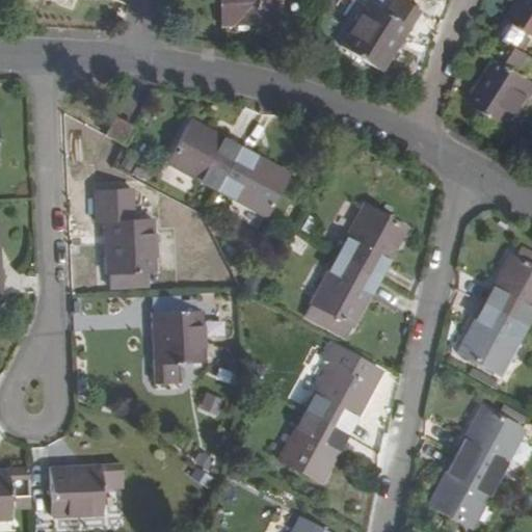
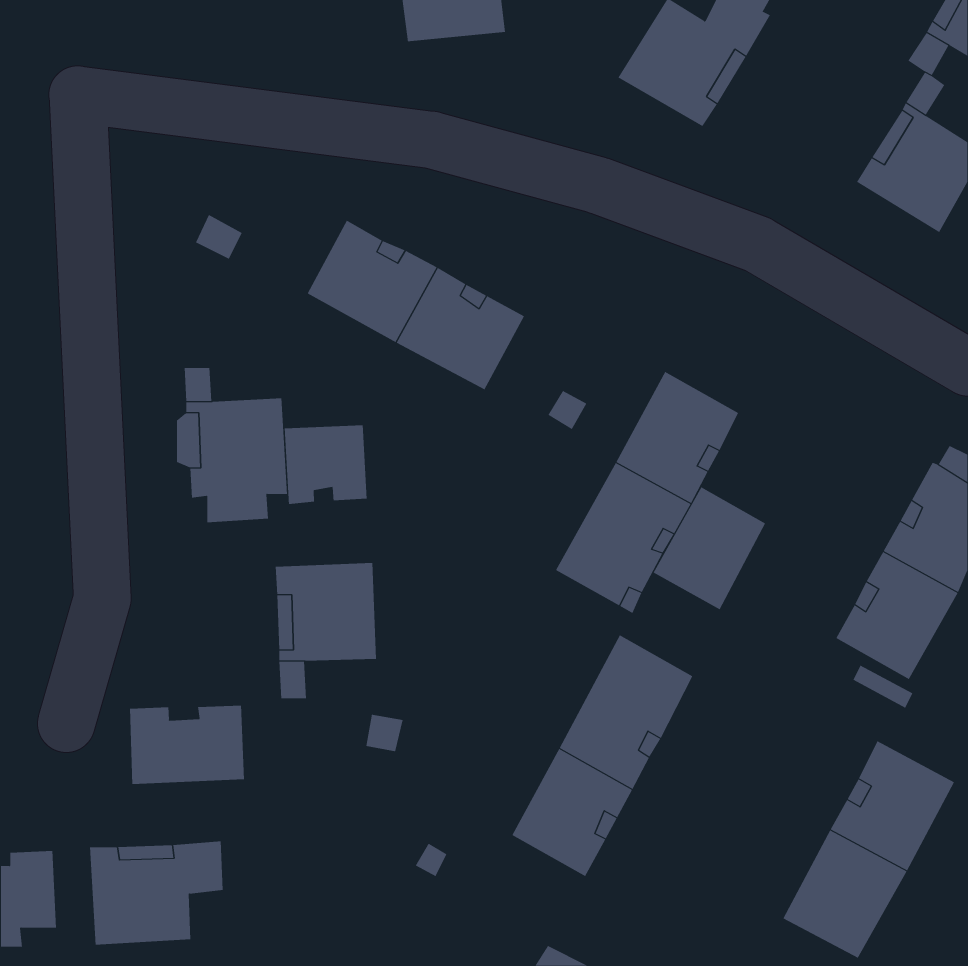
building: none -> [284,424,367,505]
building: none -> [653,487,766,610]
building: none -> [129,705,245,785]

